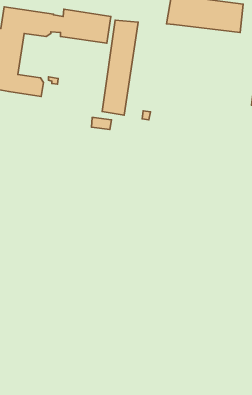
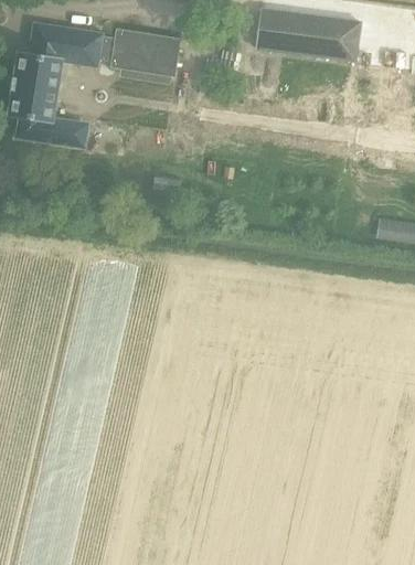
building: [102,20,138,115] -> none

